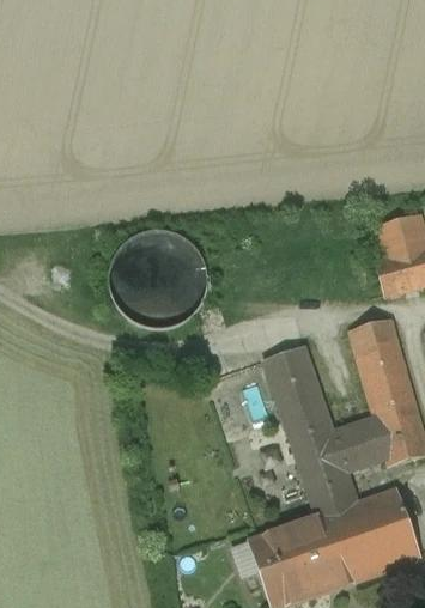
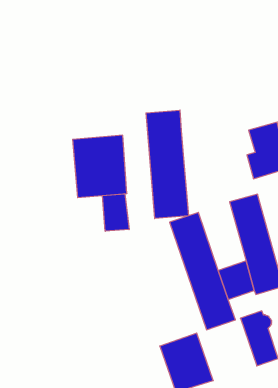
building: none -> [146,110,189,219]
building: none -> [102,194,129,231]
building: [302,499,389,590] -> none

